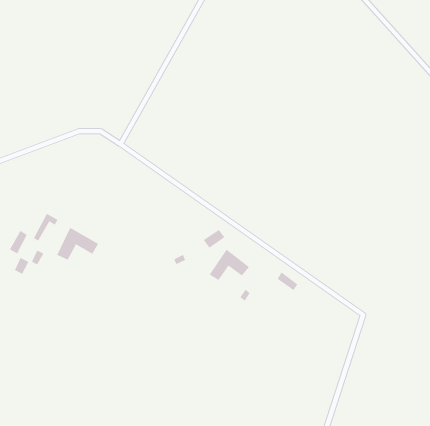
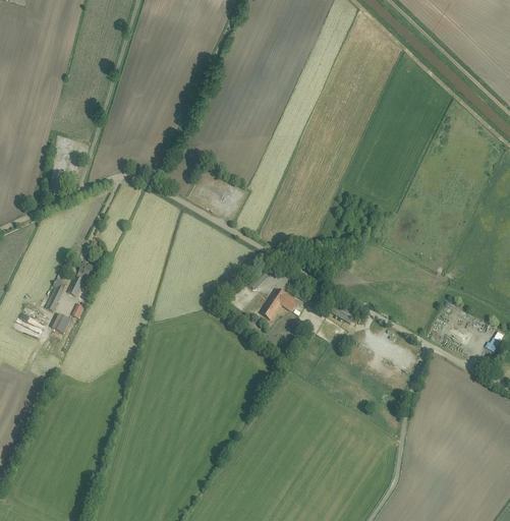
building: [56,227,99,260] -> none

